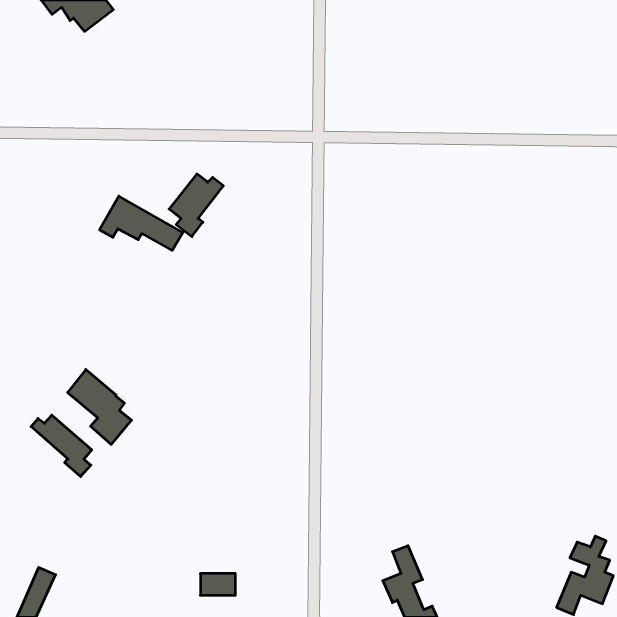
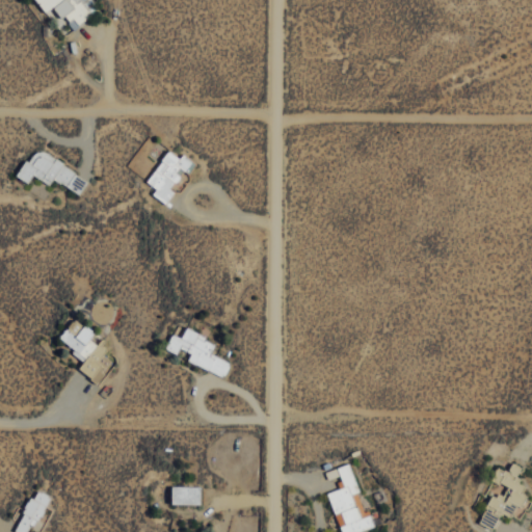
building: [100,196,183,250] -> [17,147,88,193]
building: none -> [165,328,231,376]
building: [31,415,92,477] -> none

